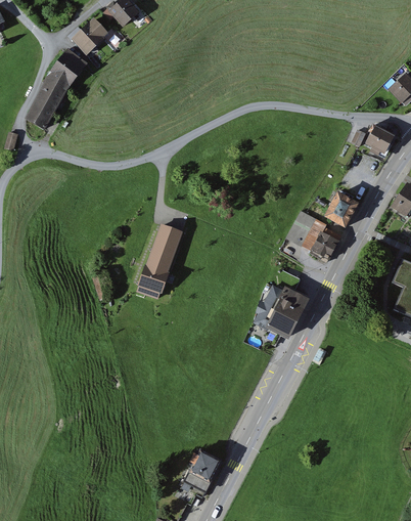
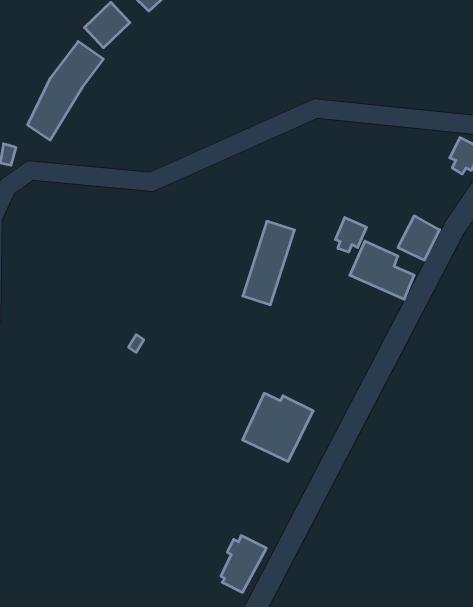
building: none -> [335,217,367,252]
building: [141,223,183,291] -> [243,221,295,305]
building: [253,283,310,338] -> [243,393,313,461]

